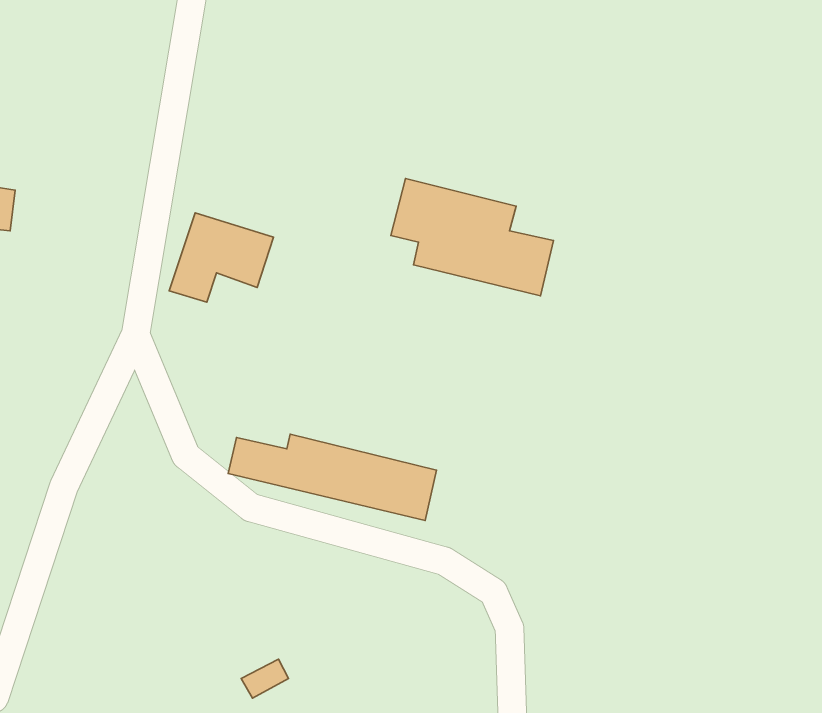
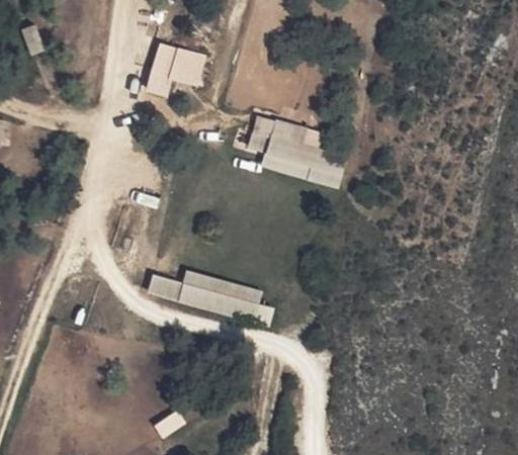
building: [169,213,273,302] -> [143,40,207,96]

